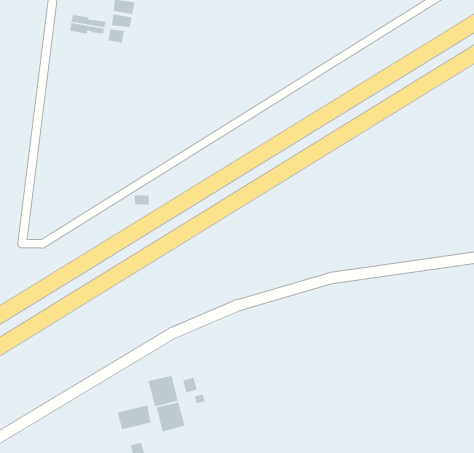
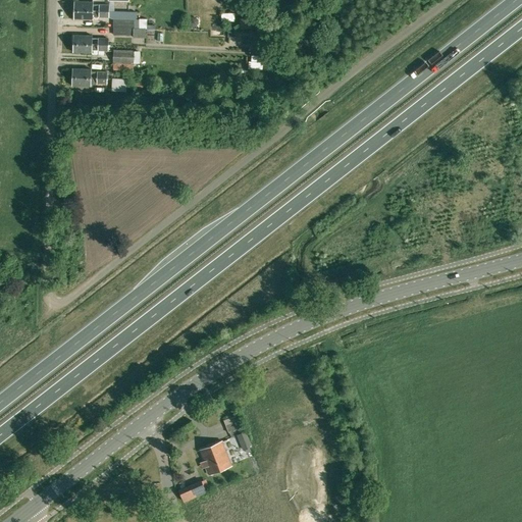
building: [148,375,178,407] -> none
building: [117,404,152,430] -> none

